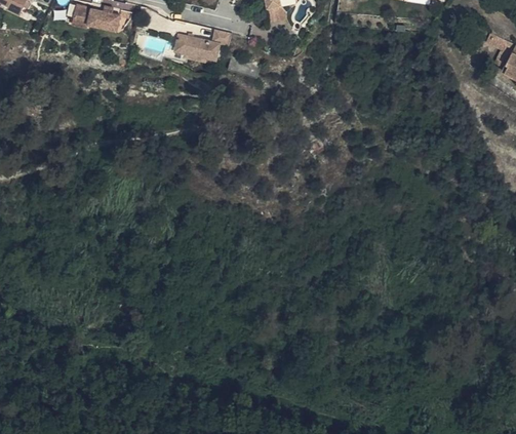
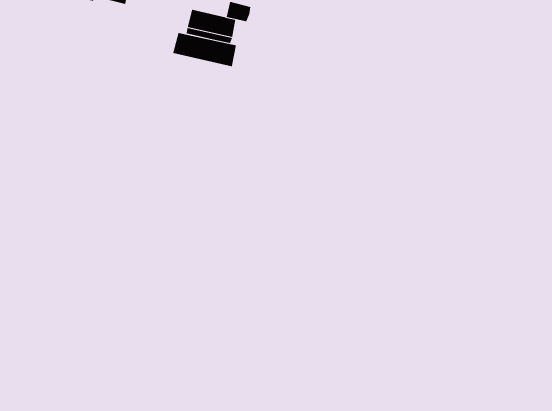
building: none -> [172,32,236,67]

